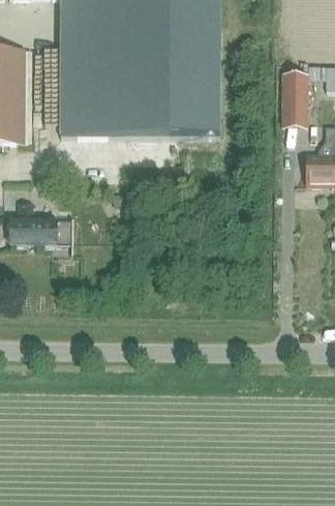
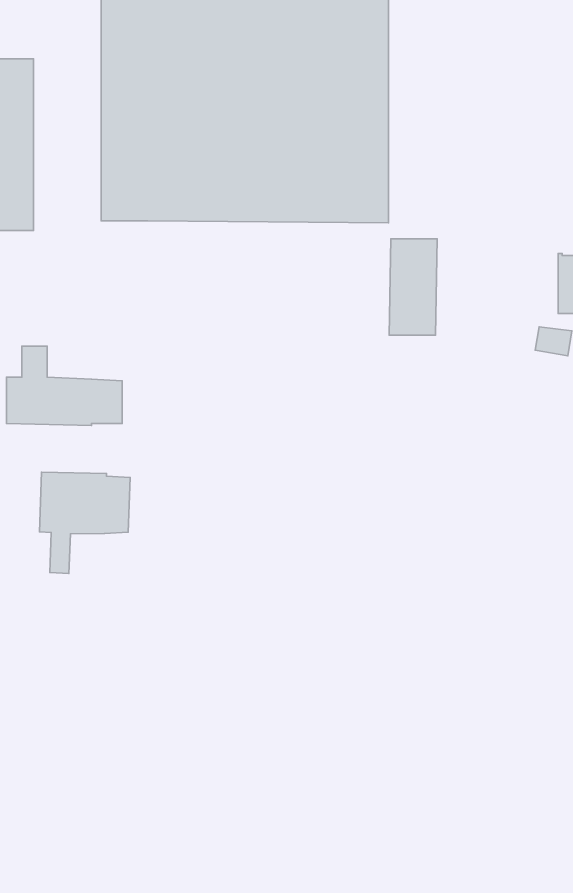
building: [282,73,308,125] -> [389,239,437,335]
building: none -> [39,472,130,574]

